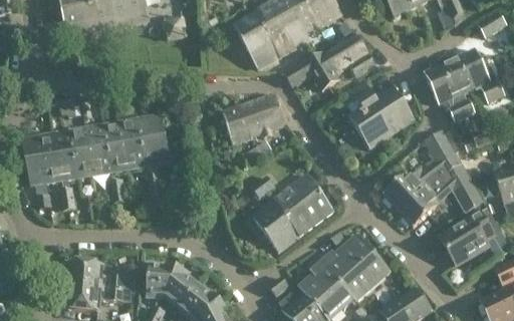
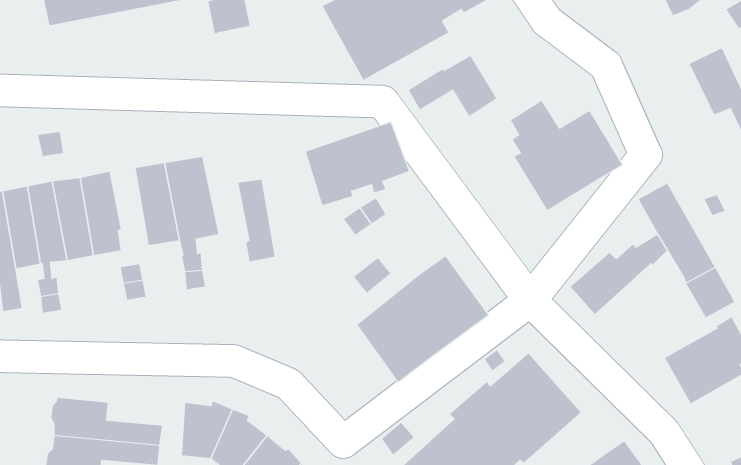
building: [323,34,374,76] -> none
building: [424,58,474,121] -> none
building: [103,121,126,172] -> [237,179,275,262]
building: [398,172,452,227] -> none

